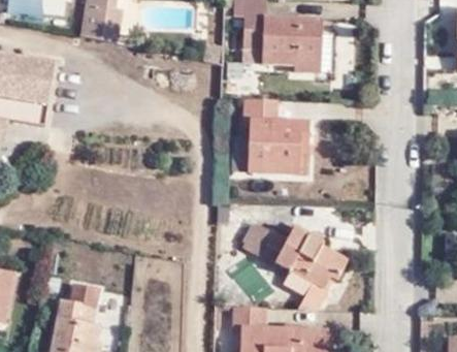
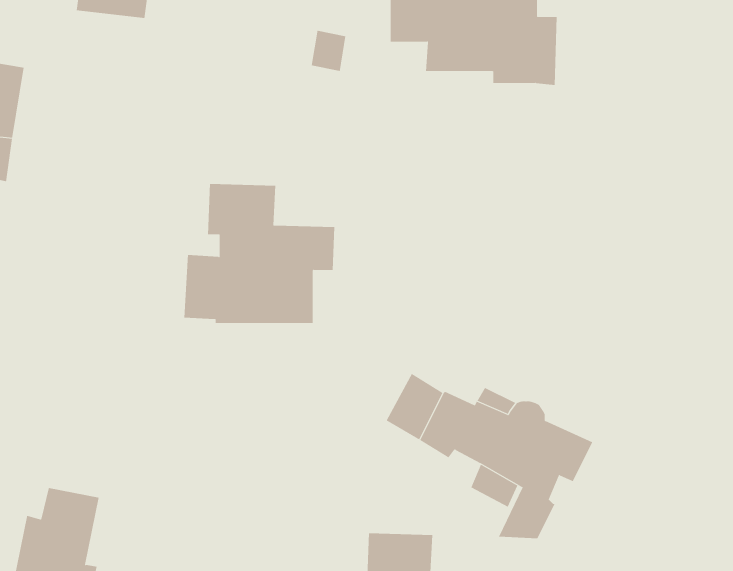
building: [232,98,312,171] -> [183,184,335,324]

